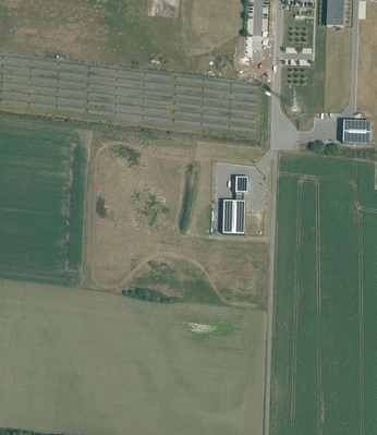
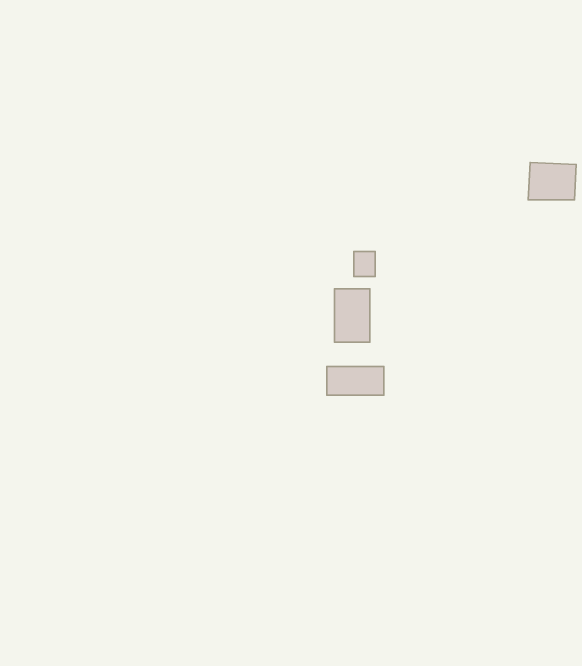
building: none -> [327,367,384,395]

